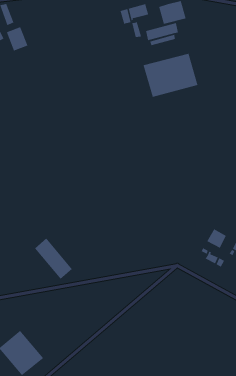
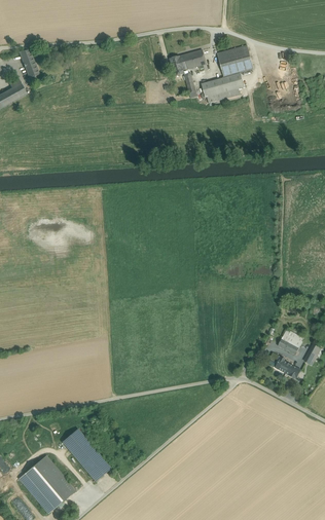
building: [6,26,29,52] -> none
building: [143,53,199,98] -> none
building: [34,238,73,280] -> [63,429,111,481]

